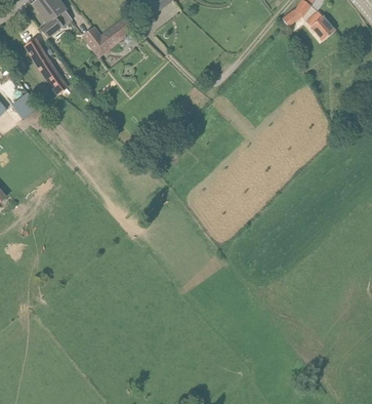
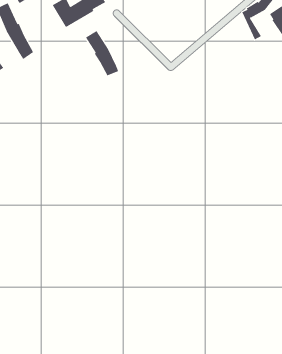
building: none -> [85,30,119,76]

